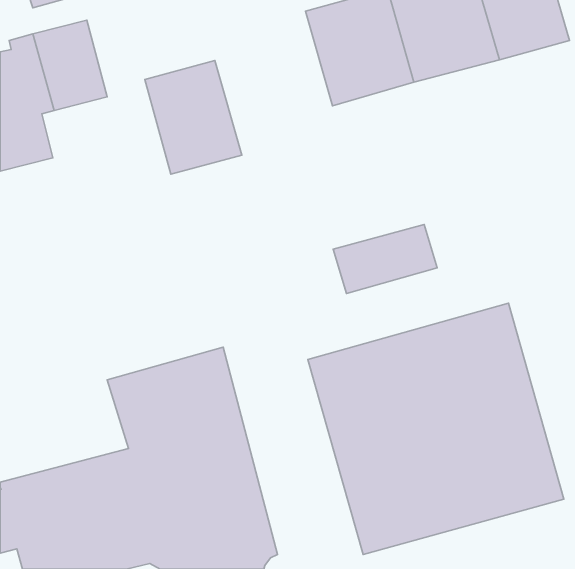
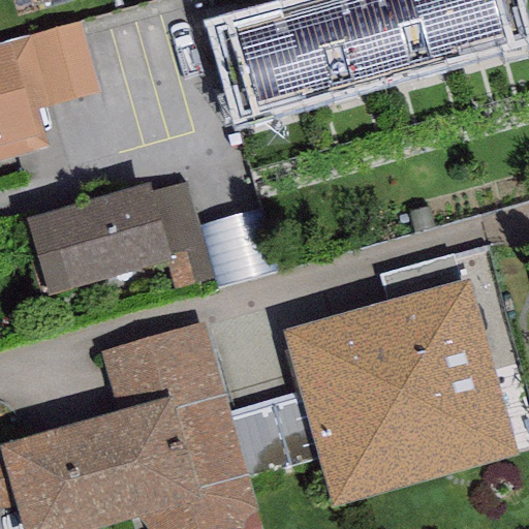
building: [145,61,242,174] -> [217,10,306,115]
building: none -> [26,181,175,295]
building: [333,225,437,293] -> none

